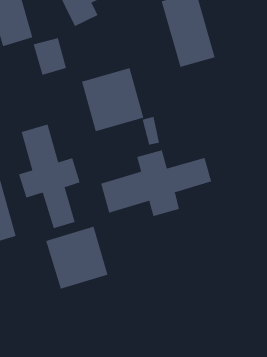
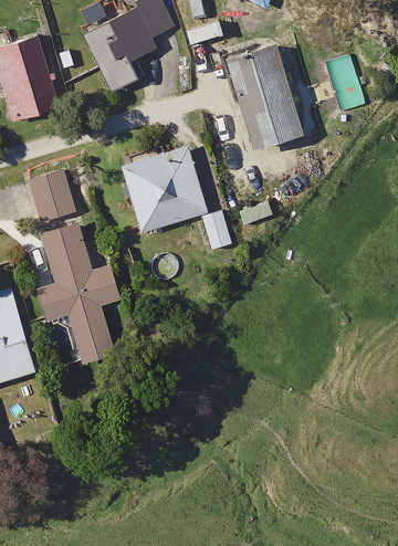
building: [33,38,67,76] -> [30,171,75,222]
building: [100,149,212,217] -> none
building: [46,226,108,289] -> none

